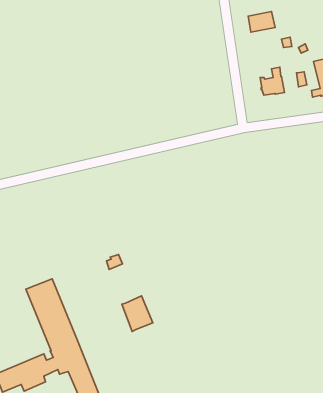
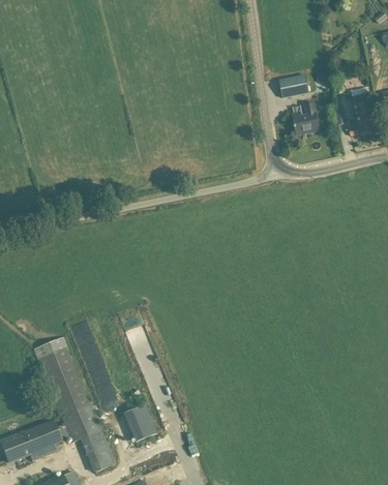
building: [248,12,275,32] -> [279,74,309,97]
building: [122,296,153,331] -> [123,403,157,443]

